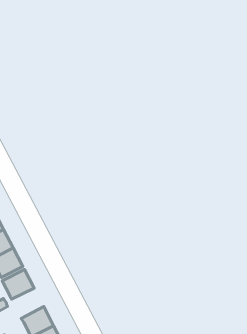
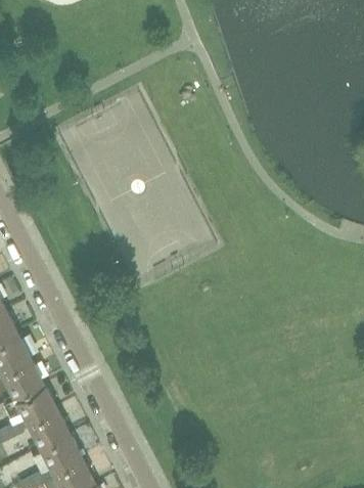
building: none -> [29,409,70,448]

